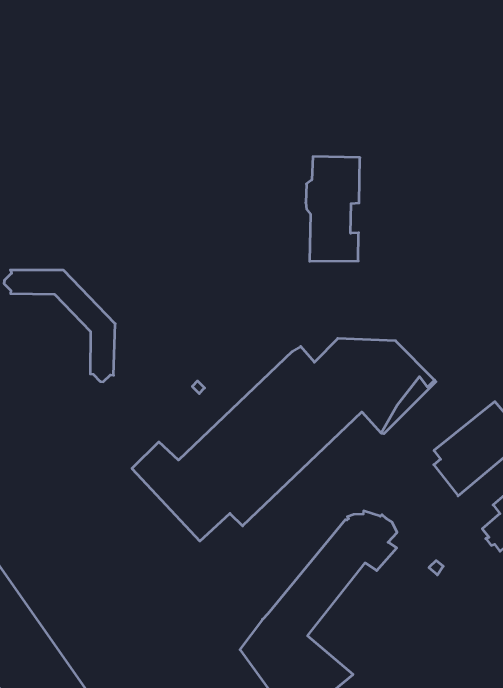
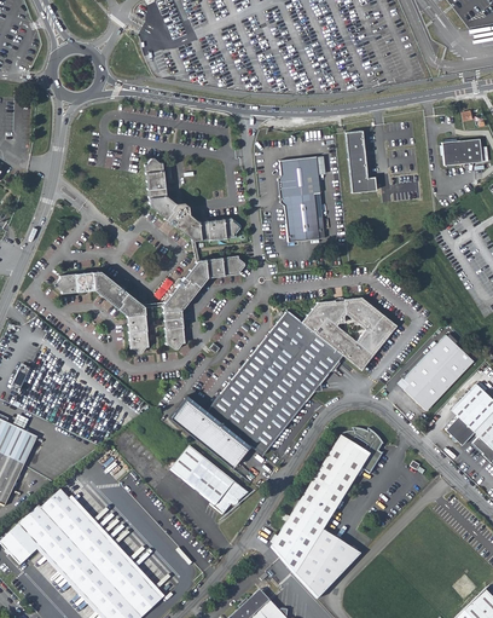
building: none -> [347,128,378,190]
building: none -> [145,160,239,242]
building: none -> [163,256,245,351]
building: none -> [172,445,248,512]

